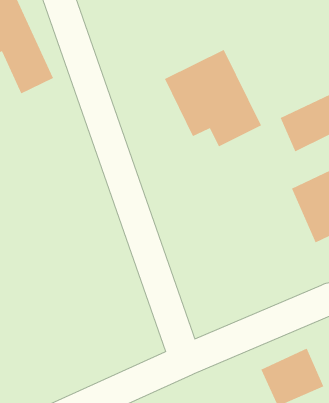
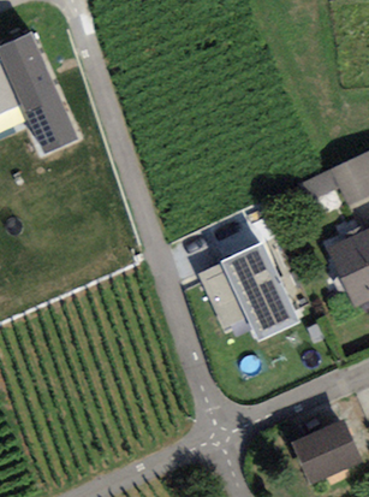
building: [164,49,262,147] -> [198,239,302,343]

